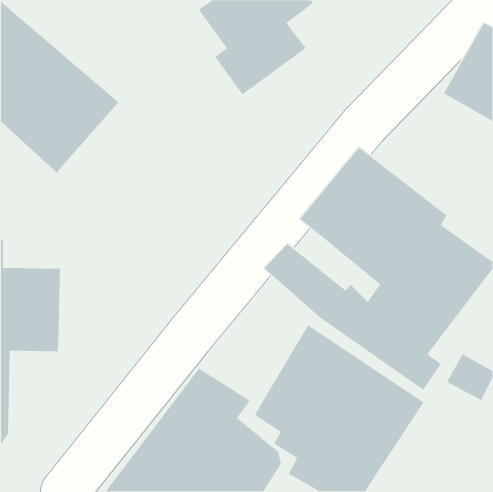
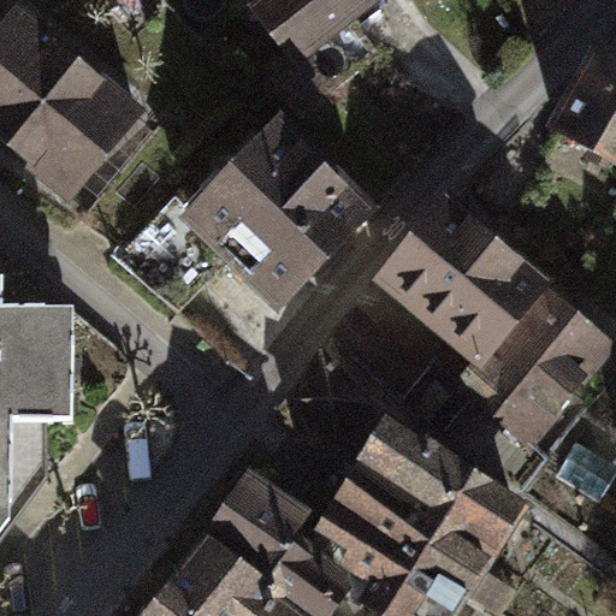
building: none -> [118,128,385,332]
building: none -> [289,343,379,450]

